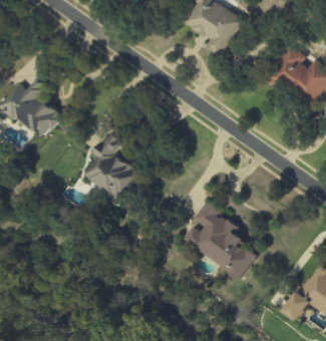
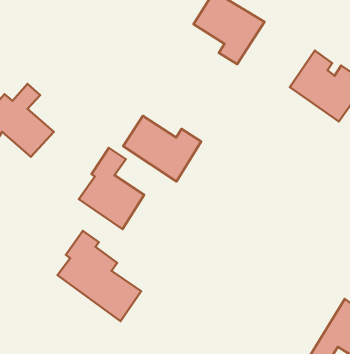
building: none -> [123,116,201,182]
building: [185,200,258,279] -> [58,231,141,321]

